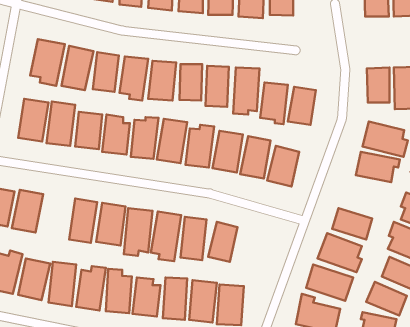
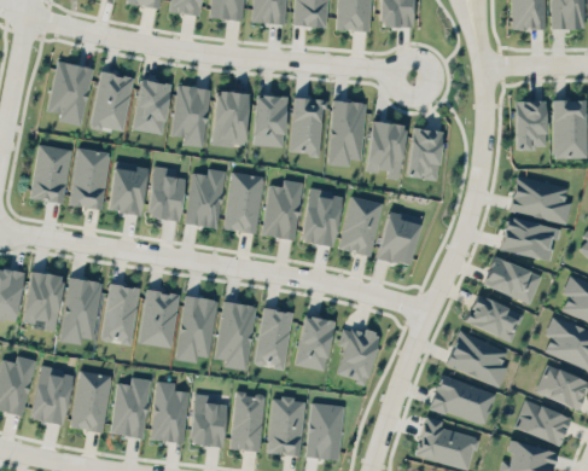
building: none -> [483,256,541,303]
building: none -> [60,278,101,344]
building: none -> [337,327,379,383]

